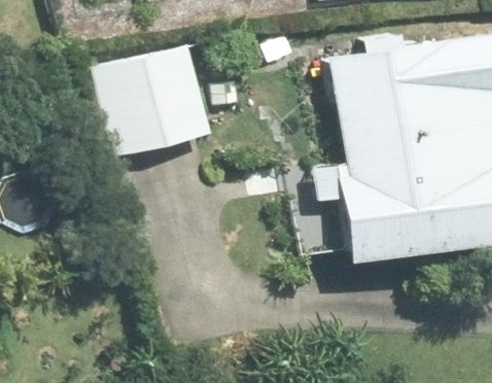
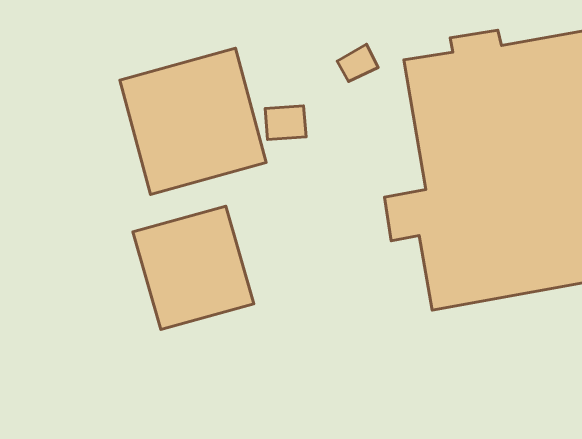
building: none -> [133,206,254,330]

